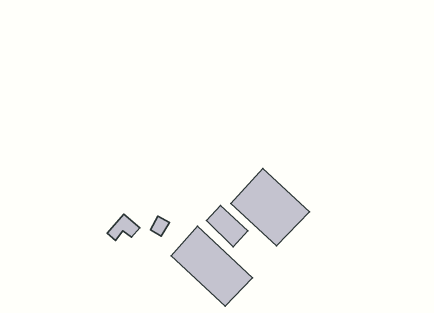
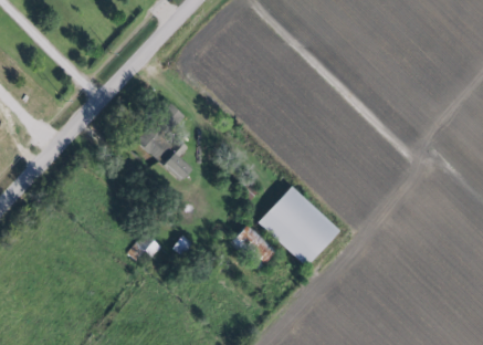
building: none -> [137,124,190,179]
building: [171,226,253,306] -> none

